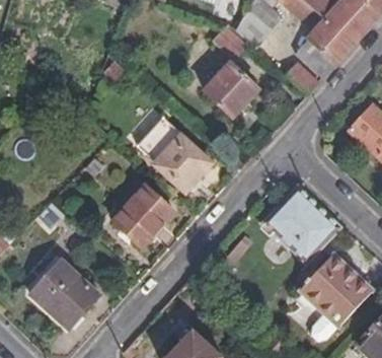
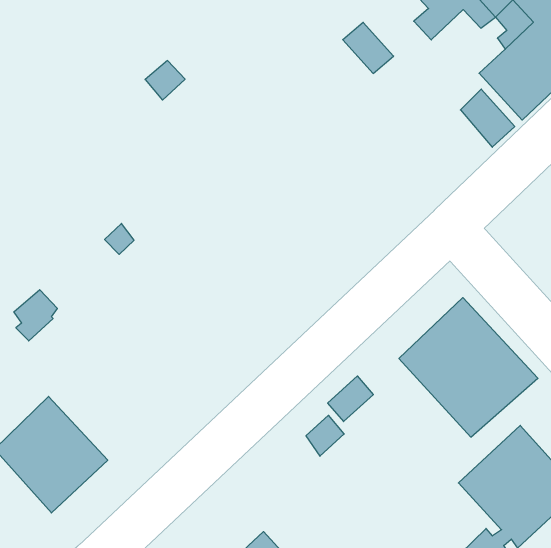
building: [206,64,258,118] -> none
building: [138,115,212,191] -> none
building: [108,181,173,245] -> none

